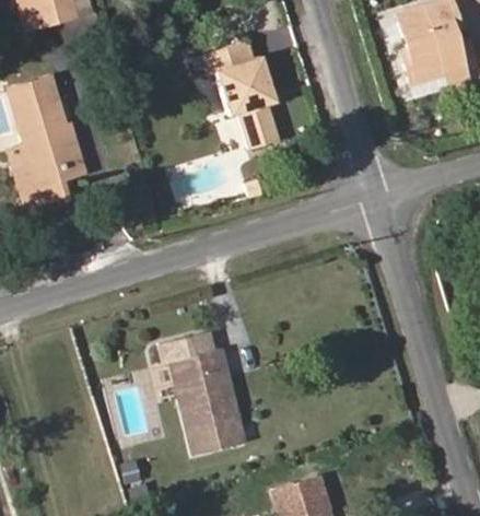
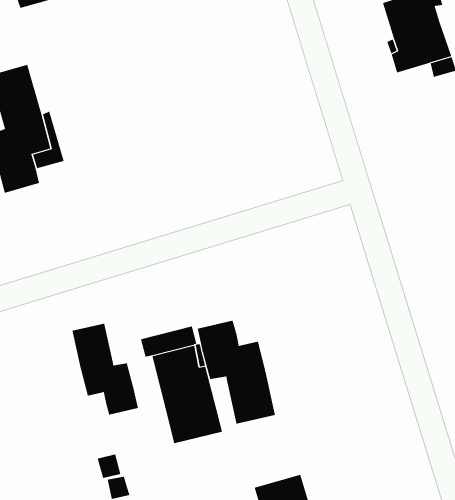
building: [206,36,278,143] -> none
building: none -> [197,320,276,424]
building: none -> [72,323,139,415]

